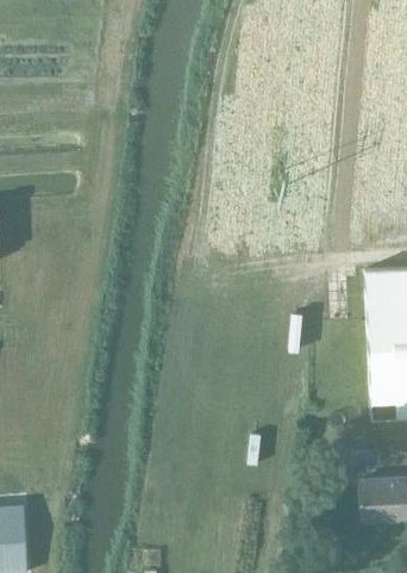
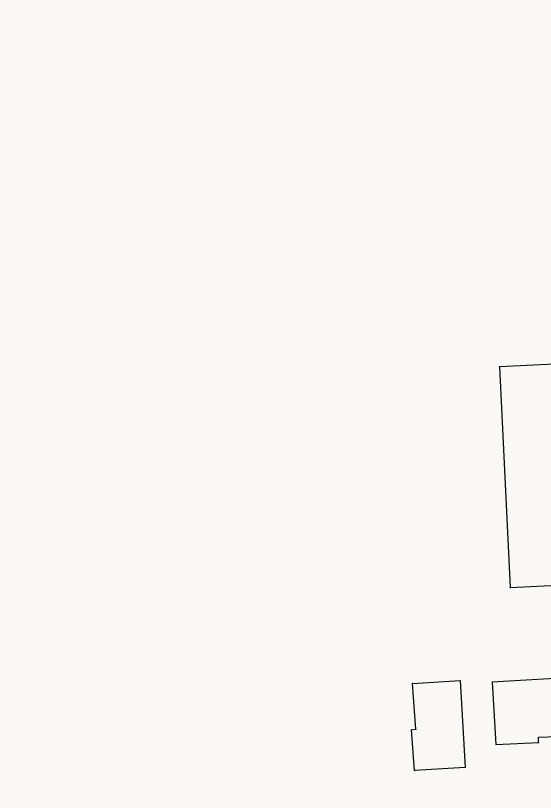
building: none -> [412,681,465,771]

